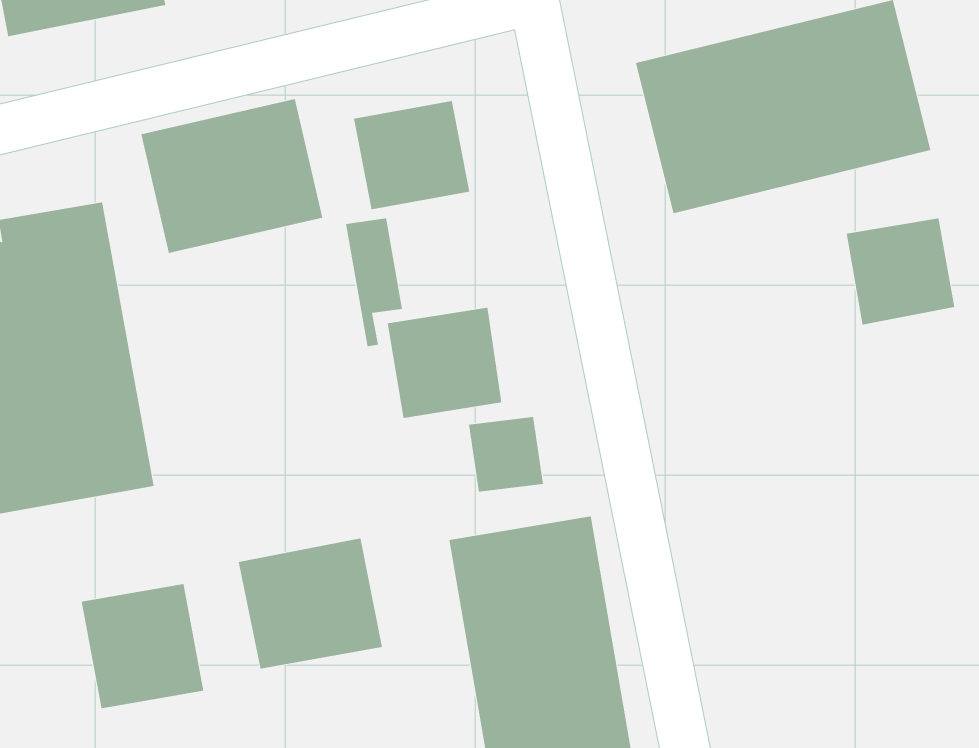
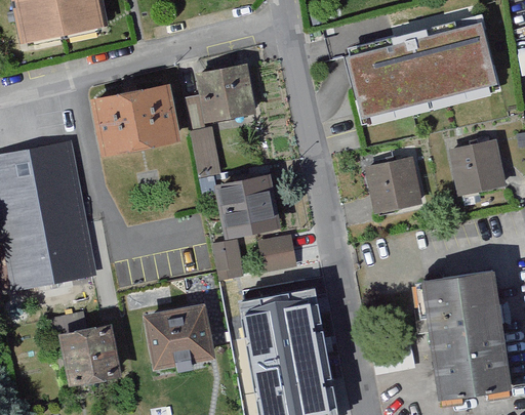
building: none -> [366,149,426,209]
building: none -> [215,238,247,278]
building: none -> [423,274,508,399]

